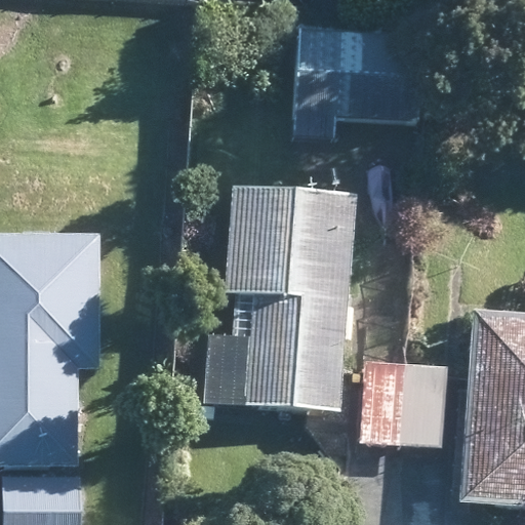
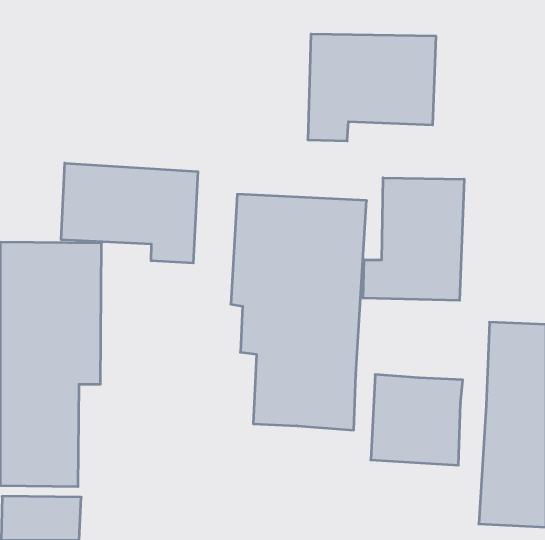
building: none -> [61,163,198,263]
building: none -> [363,178,464,300]

